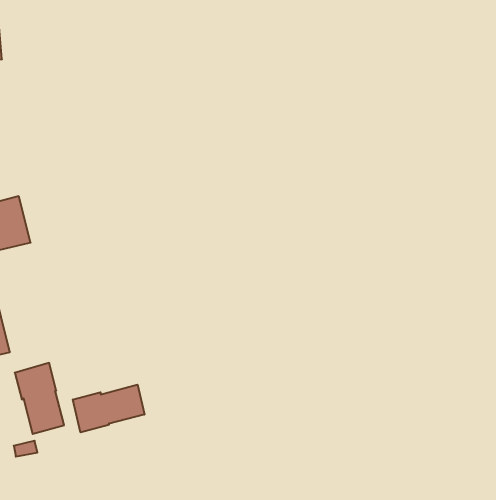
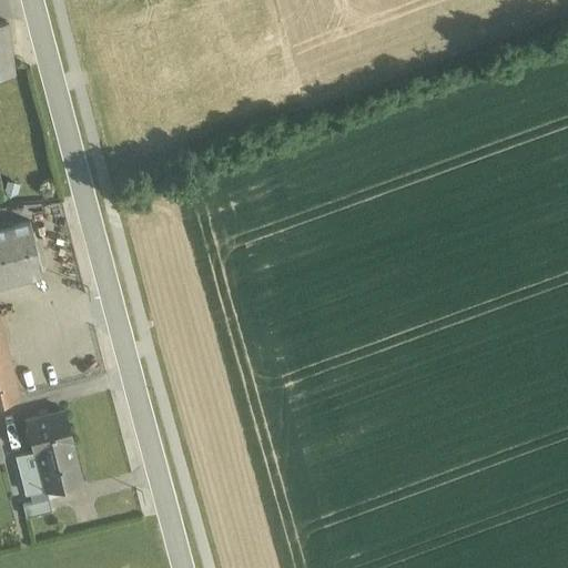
building: [73,385,144,432] -> none

